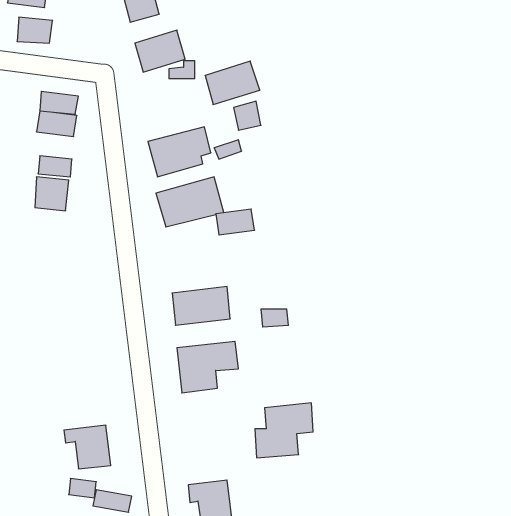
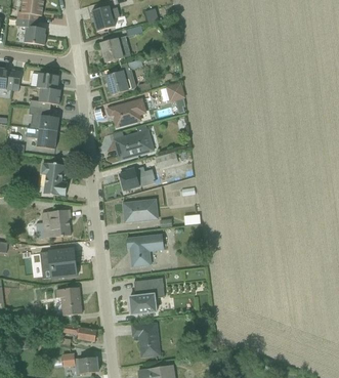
building: [205,61,260,105] -> [101,69,136,96]
building: none -> [42,163,68,196]
building: none -> [119,167,156,192]
building: none -> [42,209,75,240]
building: none -> [42,248,79,275]
building: [255,403,313,458] -> [129,279,166,313]

